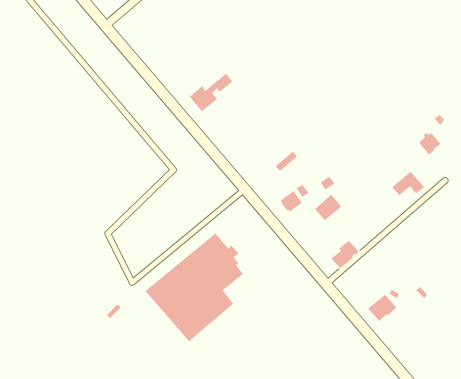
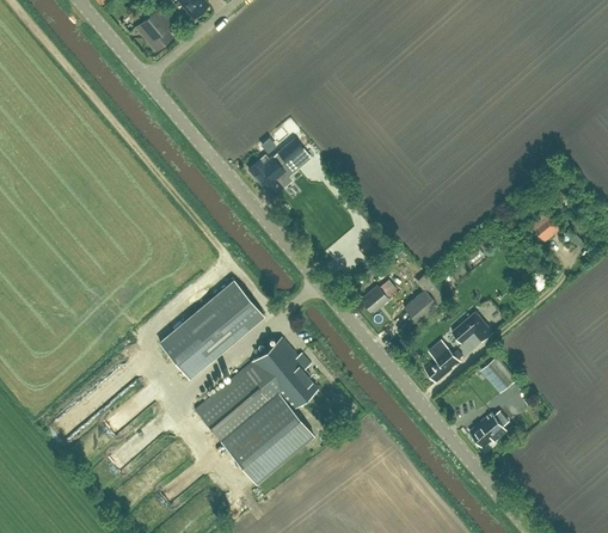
building: [391,171,425,196] -> [452,313,493,344]
building: none -> [159,280,264,380]
building: none -> [481,359,515,394]

